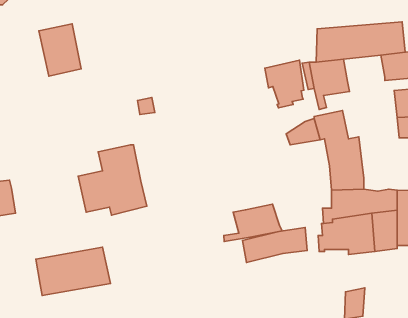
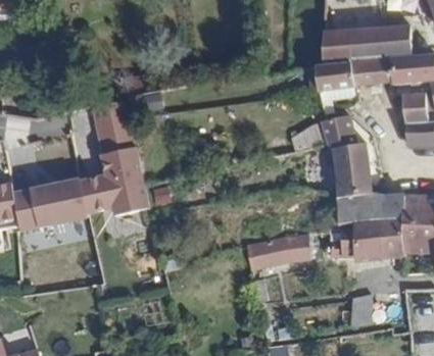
building: [39,24,81,76] -> [91,103,134,156]
building: none -> [349,58,391,85]
building: [265,60,304,108] -> none
building: [224,204,282,242] -> none
building: [36,247,111,295] -> [13,181,89,230]

